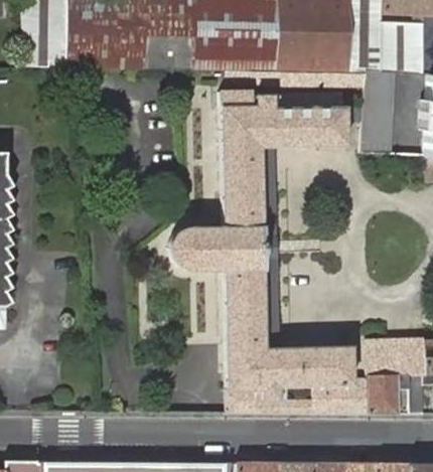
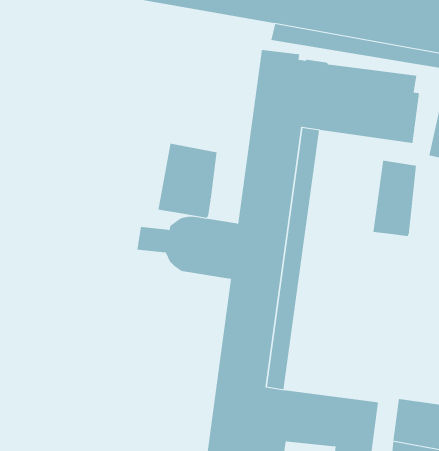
building: none -> [373,160,417,237]
building: none -> [158,143,217,218]

